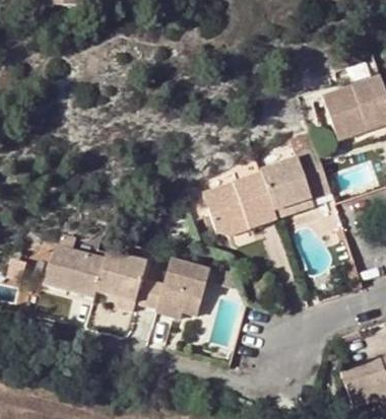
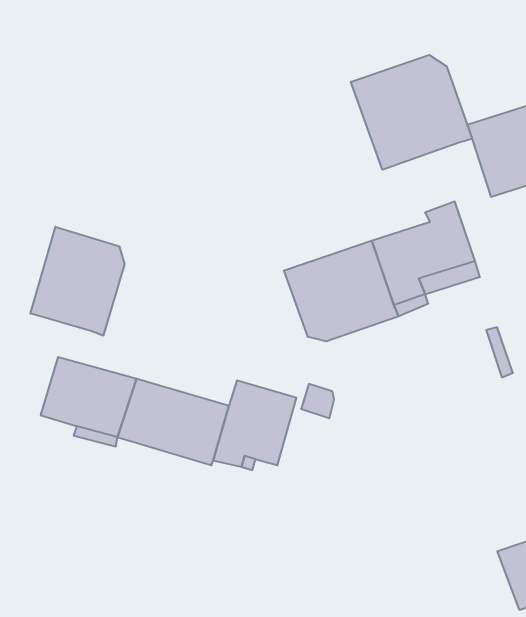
building: none -> [351,55,472,170]
building: none -> [30,227,124,336]

